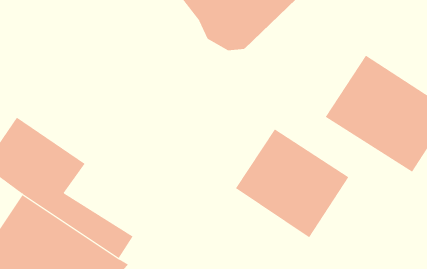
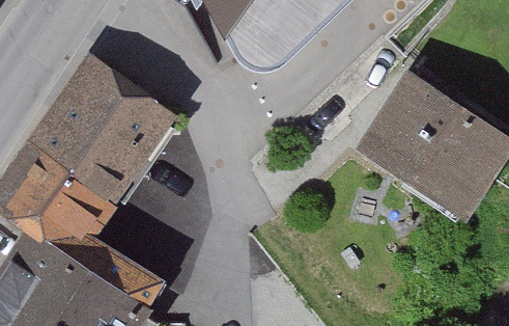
building: none -> [27,54,163,203]
building: [235,128,349,238] -> none

